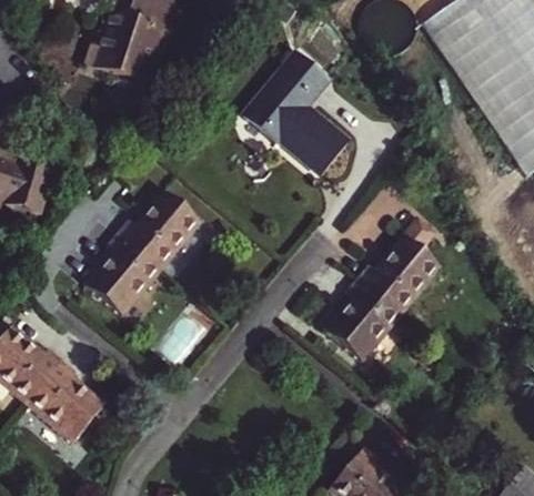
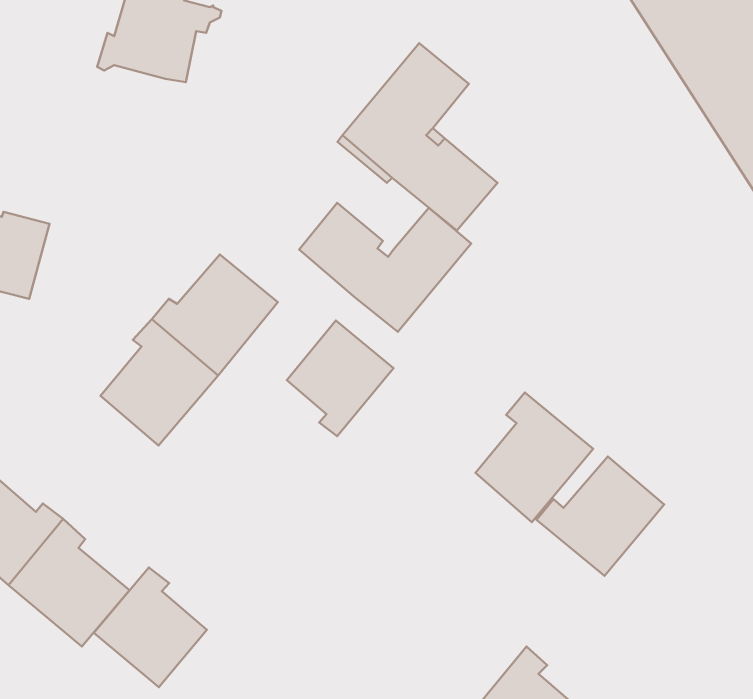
building: none -> [299,203,471,332]
building: none -> [287,321,394,436]
building: [361,239,444,316] -> [536,457,664,576]
building: none -> [94,567,207,687]

